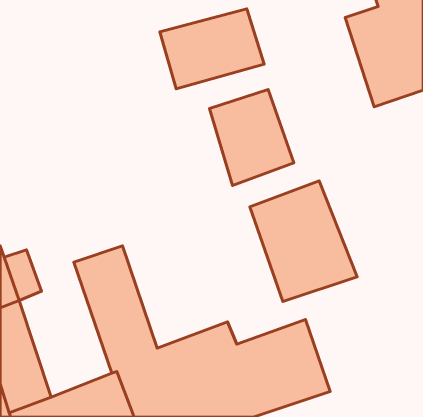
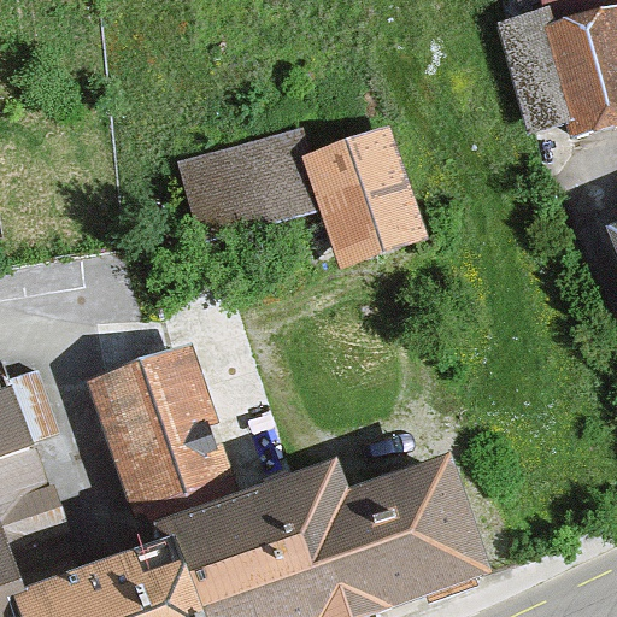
building: [160,9,264,89] -> [163,129,315,246]
building: [250,181,357,302] -> none

